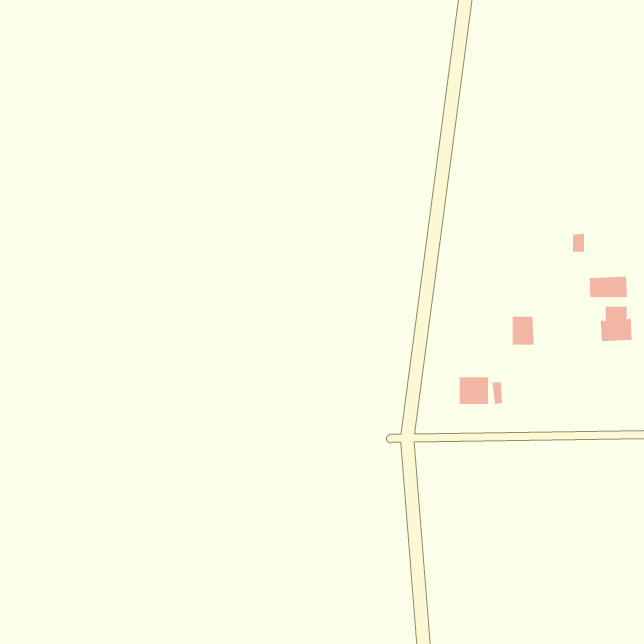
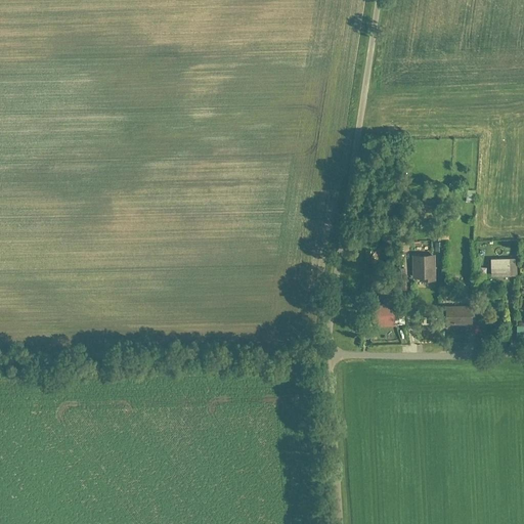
building: [589,276,627,298] -> none
building: none -> [447,305,474,325]

